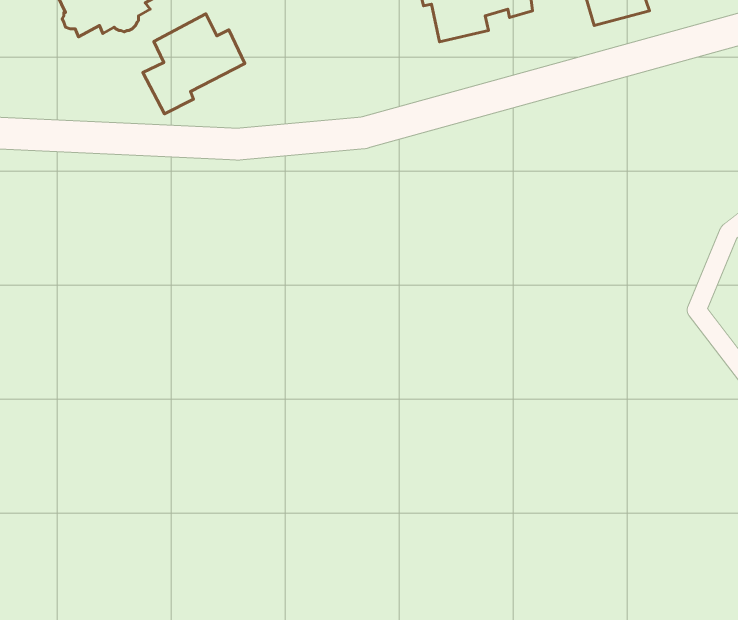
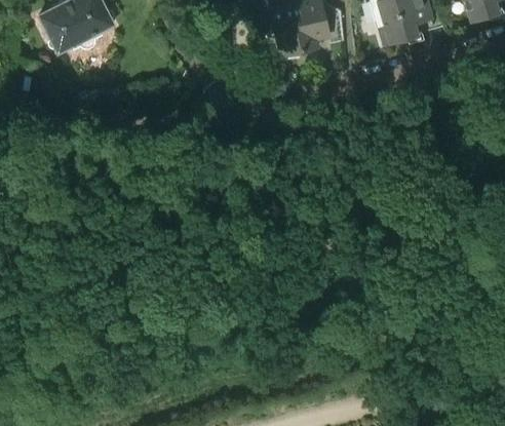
building: [143,14,245,114] -> none

